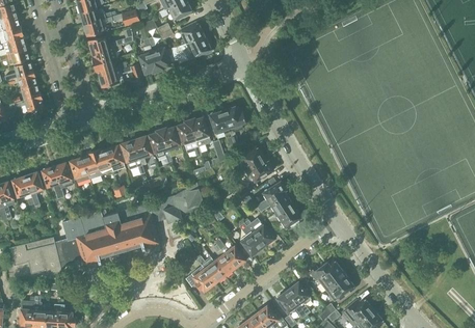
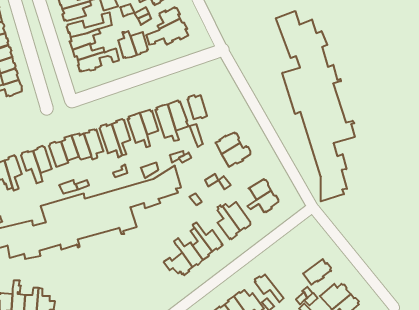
building: none -> [276,11,355,201]
building: [222,106,245,151] -> none
building: [256,177,286,212] -> none
building: [310,261,345,290] -> none
building: [287,281,312,315] -> none

